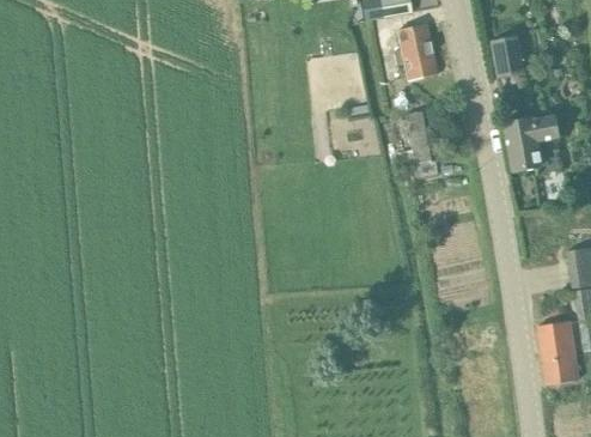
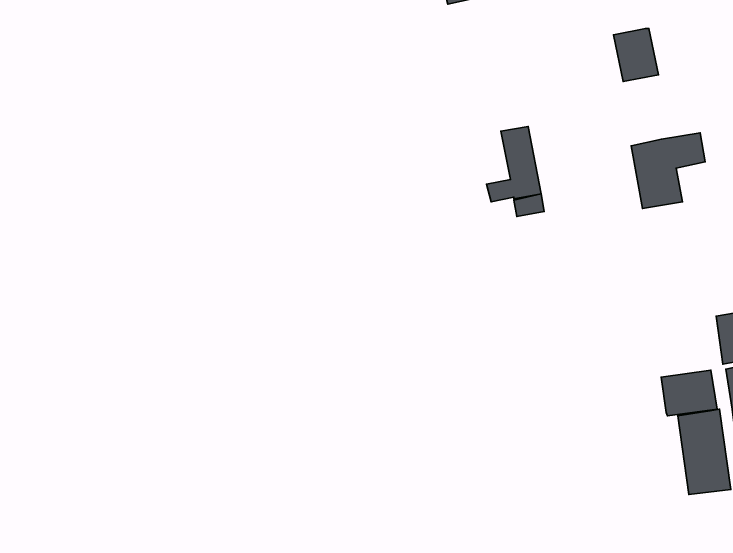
building: [396,23,438,79] -> none
building: none -> [661,370,717,416]

